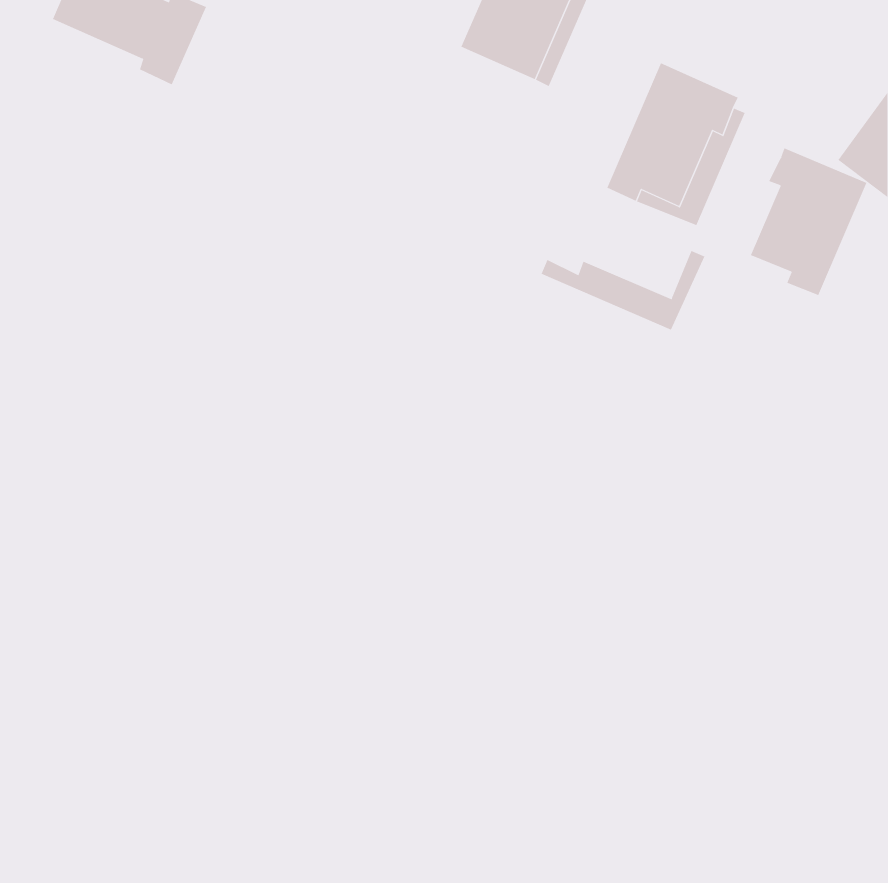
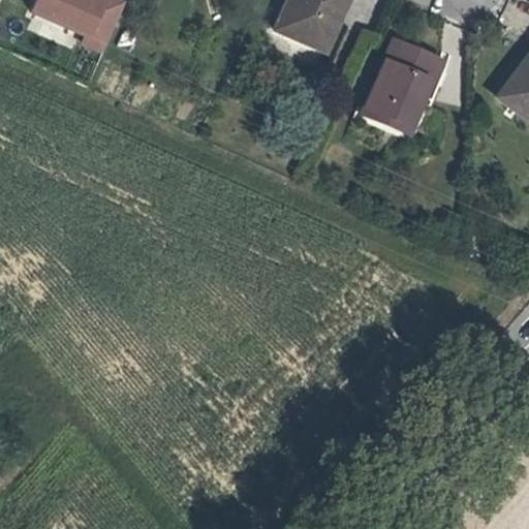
building: [750,148,867,296] -> none
building: [541,250,705,330] -> none

